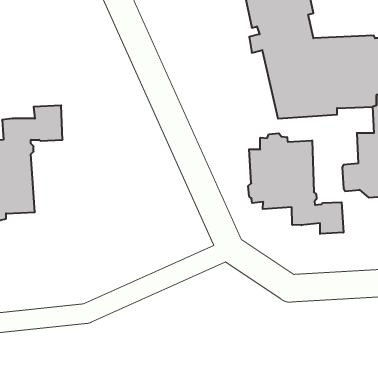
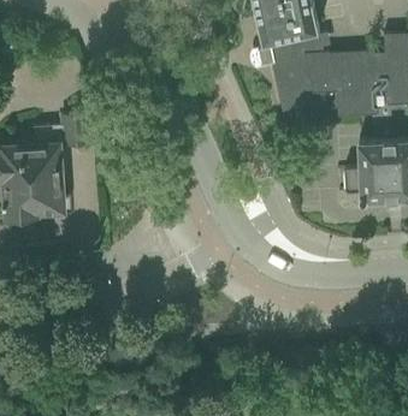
building: [248,133,343,234] -> none

